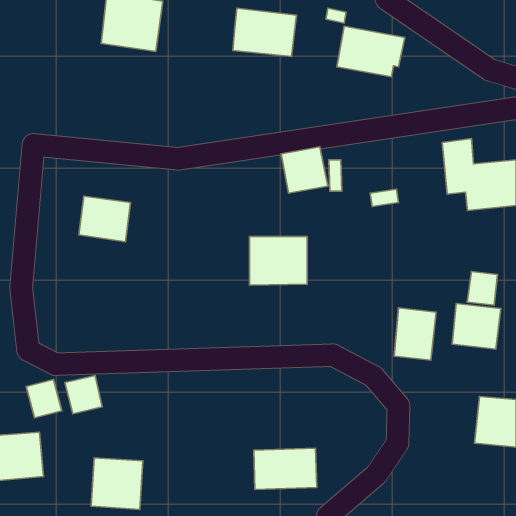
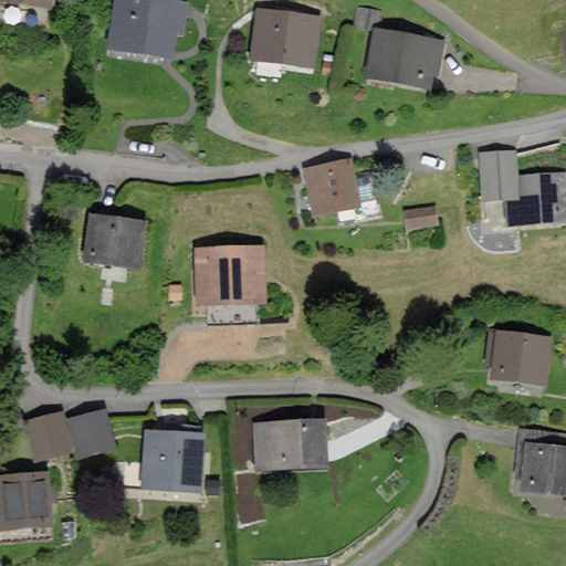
building: [250,237,307,285] -> [199,247,262,300]
building: [467,271,498,305] -> none
building: [394,308,436,360] -> none
building: [254,448,317,490] -> [256,420,325,465]
building: [91,458,143,509] -> [144,430,200,486]

